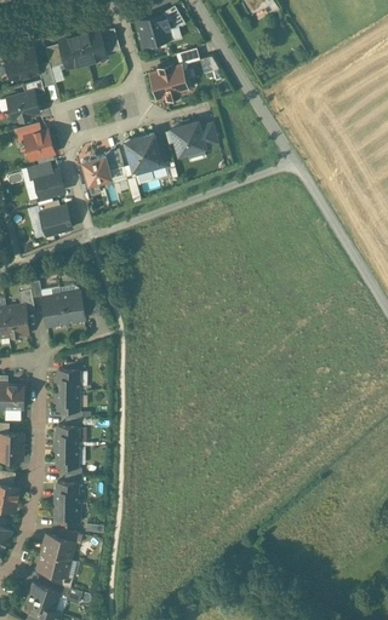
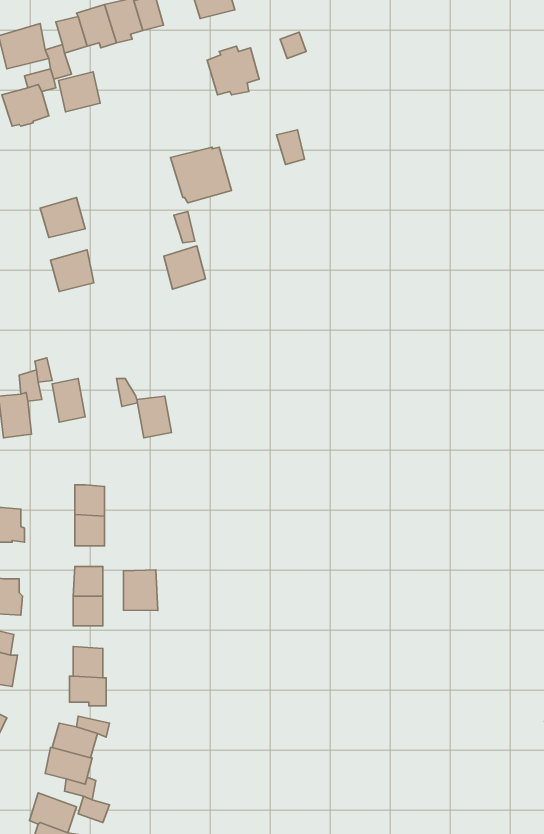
building: [171,124,204,156] -> none
building: [25,132,55,160] -> [59,72,100,112]
building: [81,156,110,186] -> [164,246,206,289]
building: [59,294,84,323] -> [137,396,172,438]
building: none -> [123,570,158,611]

